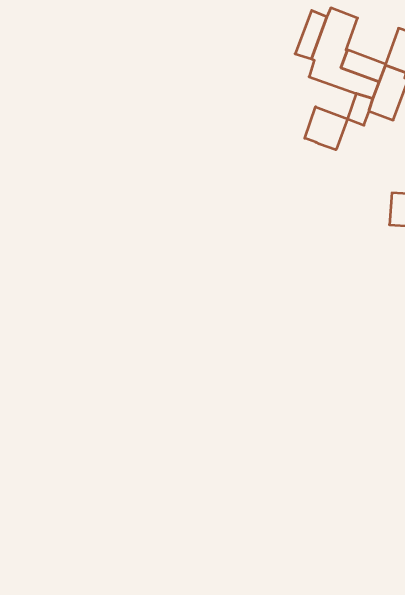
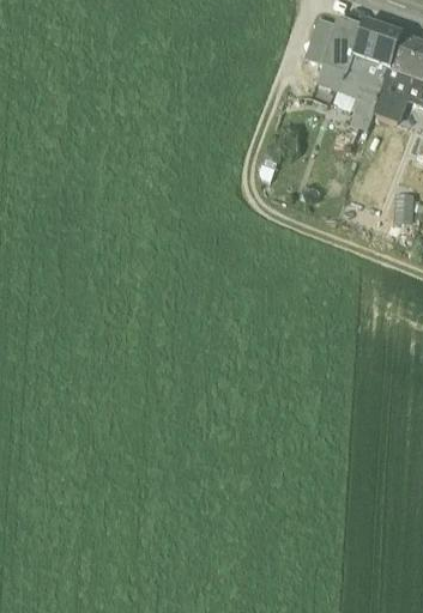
building: none -> [351,24,400,71]
building: [305,107,347,150] -> none

